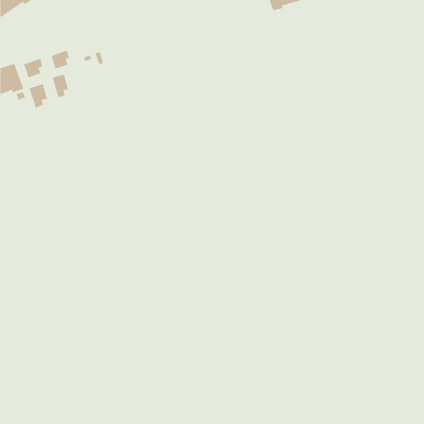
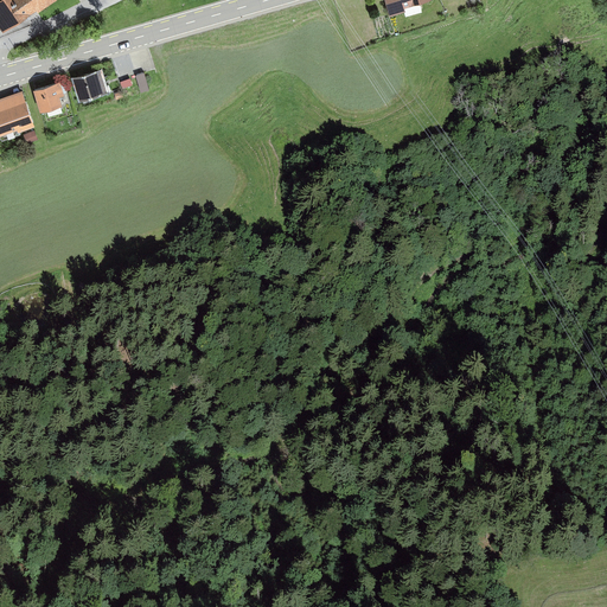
building: [52,74,69,98] -> none
building: [29,84,48,108] -> none

